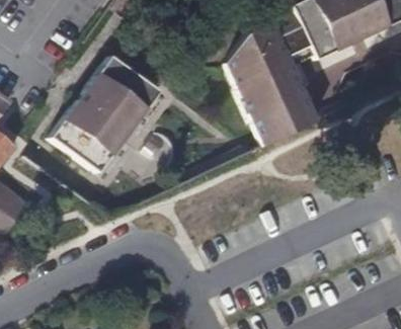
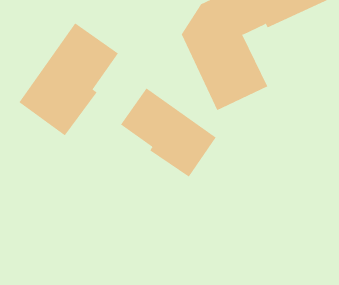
building: none -> [120,88,217,178]

